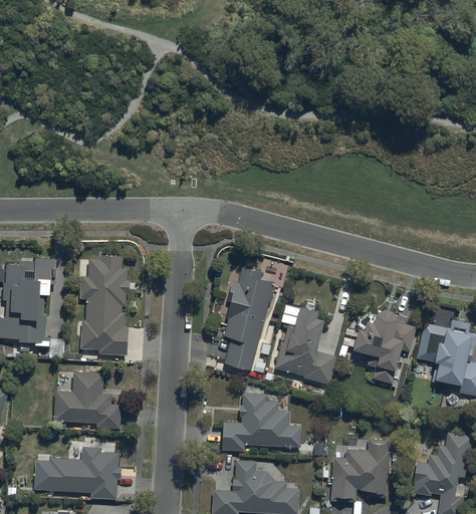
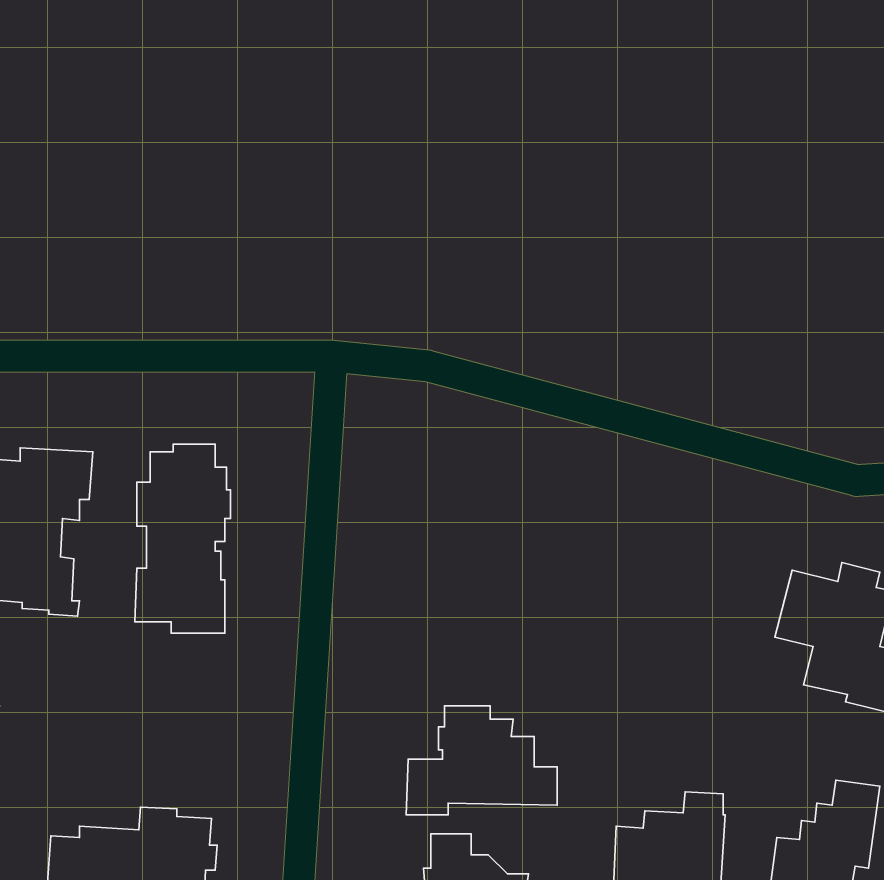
building: [223,268,273,371] -> none
building: [275,304,337,386] -> none
building: [354,309,417,383] -> none
building: [54,372,121,429] -> none

